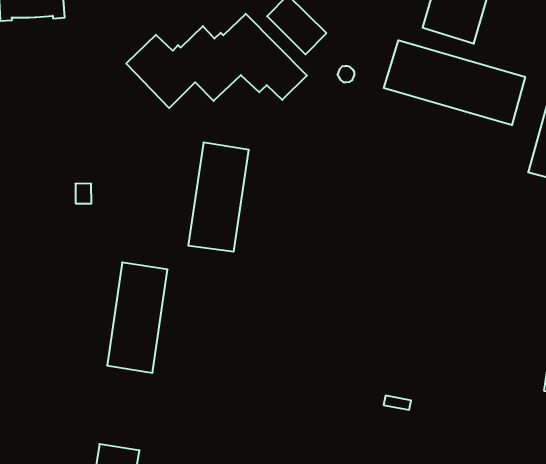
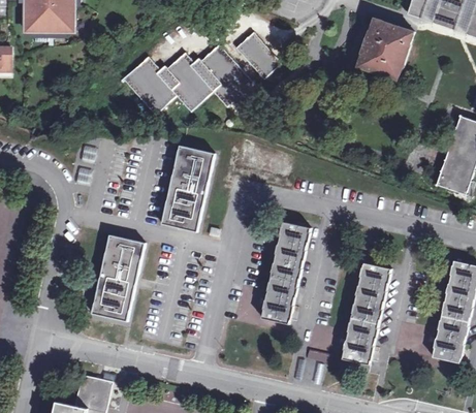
building: [384,40,525,125] -> none
building: none -> [260,220,310,322]
building: none -> [342,260,390,363]

